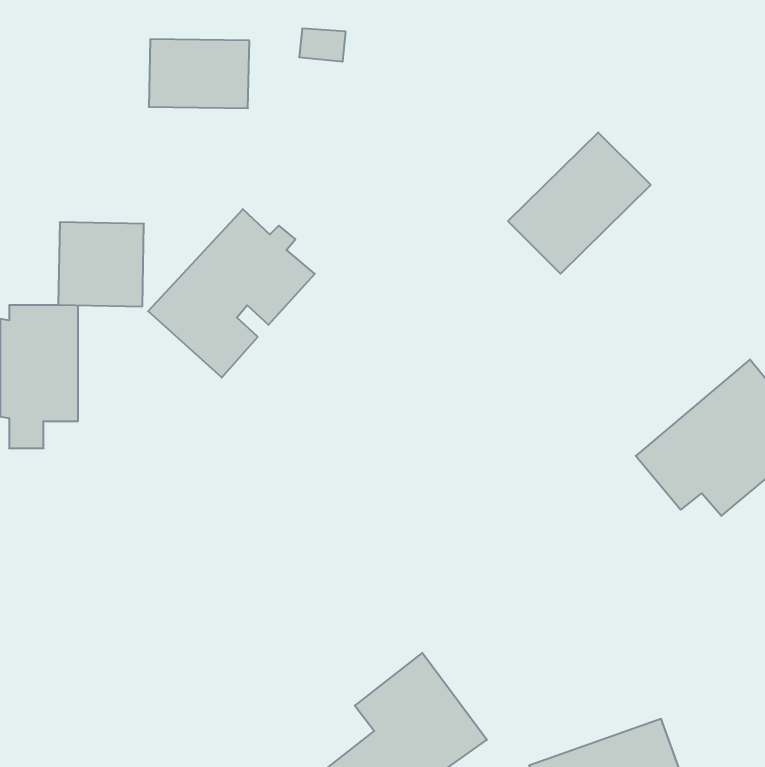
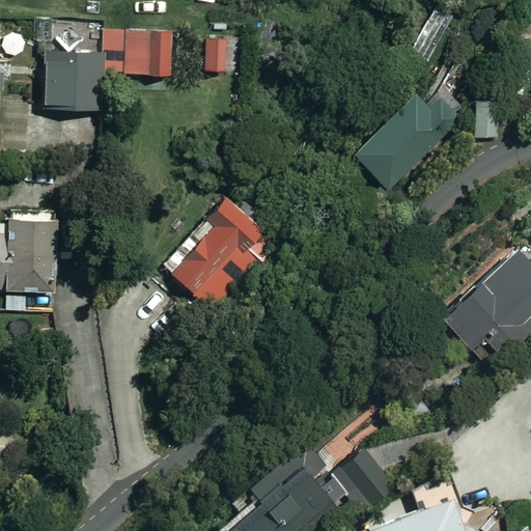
building: [148,209,315,378] -> [163,195,278,311]
building: [58,222,144,306] -> [45,53,104,111]
building: none -> [339,443,396,506]

